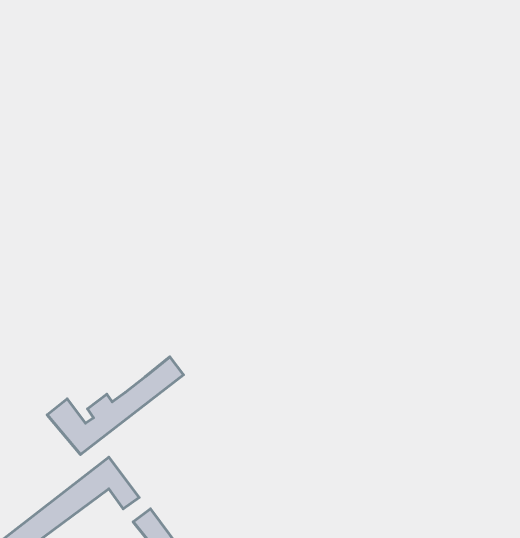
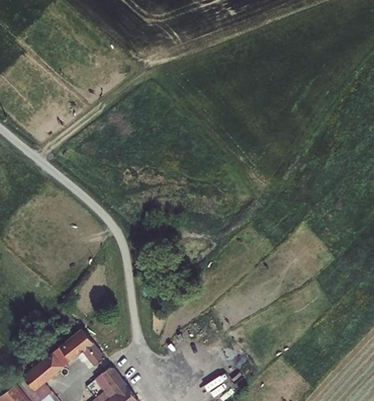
building: [47,357,183,455] -> none

